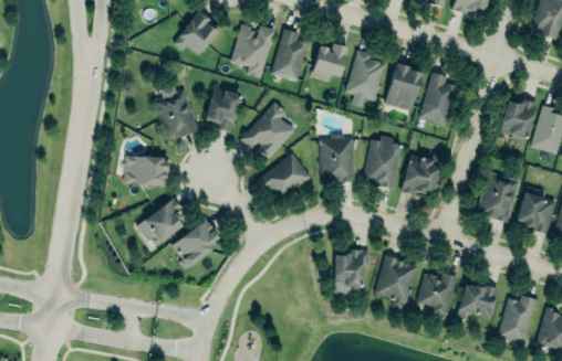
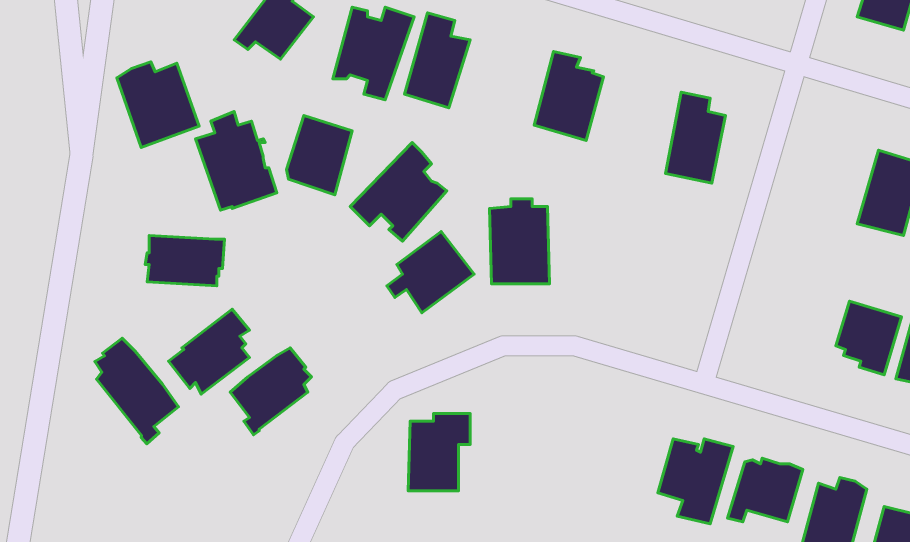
building: [311,42,347,82] -> none
building: none -> [117,62,199,147]
building: [384,61,422,110] -> none
building: [499,99,535,146] -> none
building: [363,135,402,188] -> none
building: [399,155,440,197] -> none
building: [477,171,520,222] -> none
building: none -> [95,338,178,444]
building: [333,251,368,295] -> [408,414,470,491]
building: [374,257,416,311] -> none

